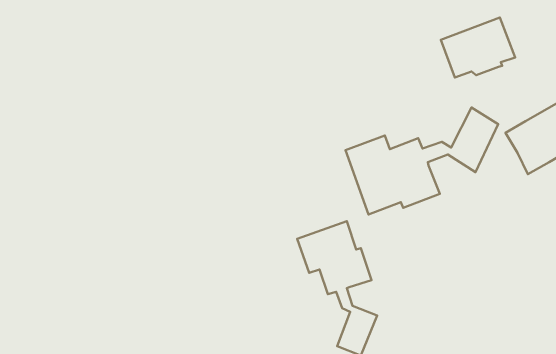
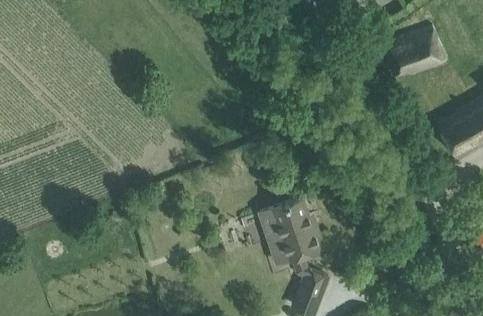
building: [345,108,498,214] -> none

